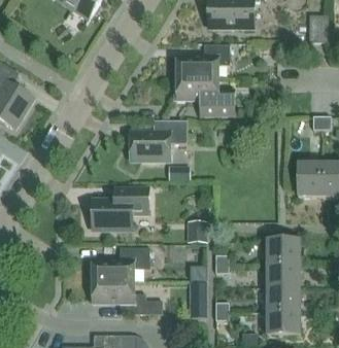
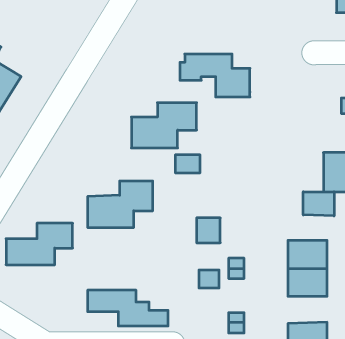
building: [176,44,229,78] -> none
building: none -> [303,192,334,216]
building: [92,247,149,283] -> [6,223,73,265]
building: [189,282,206,317] -> none
building: [266,288,300,312] -> none

